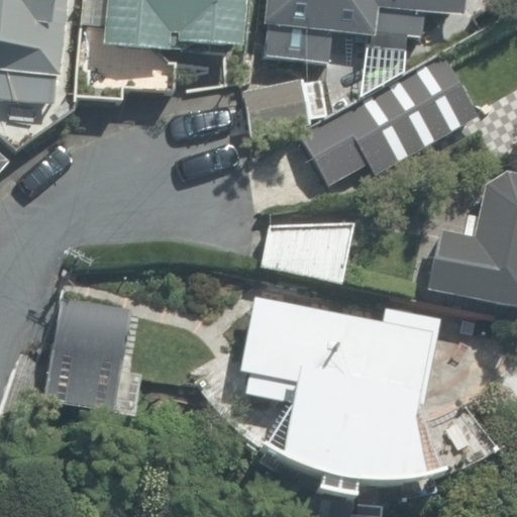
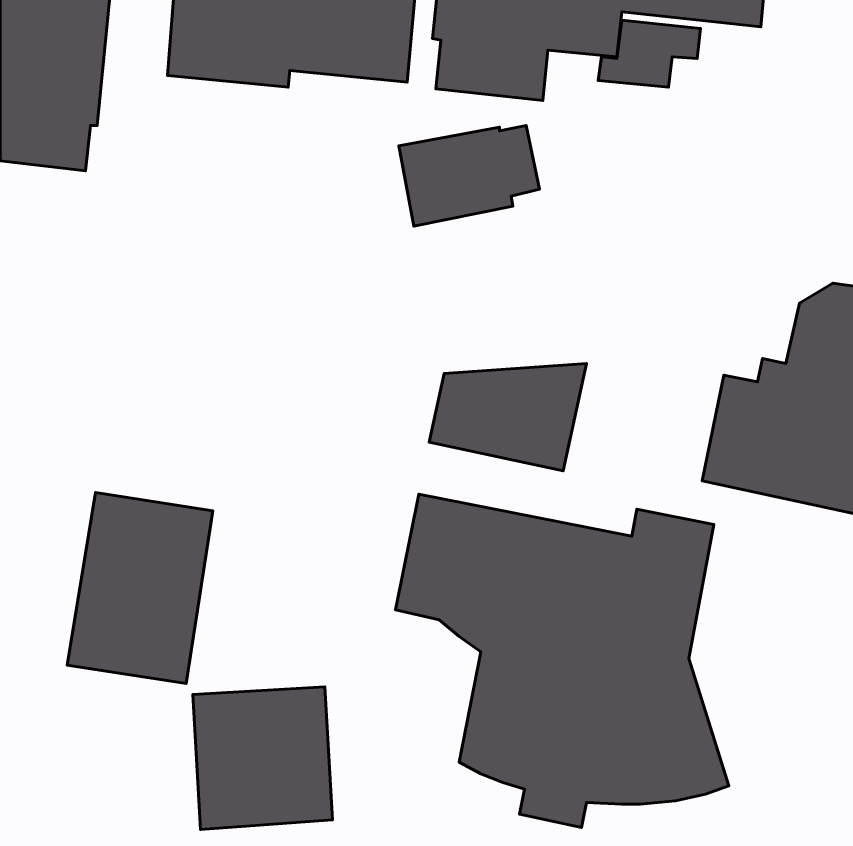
building: [302,58,478,184] -> none
building: none -> [193,687,333,829]

